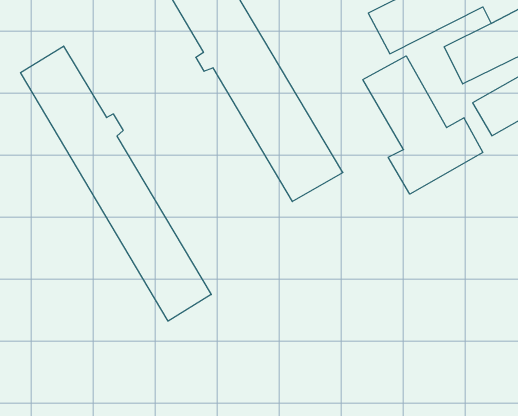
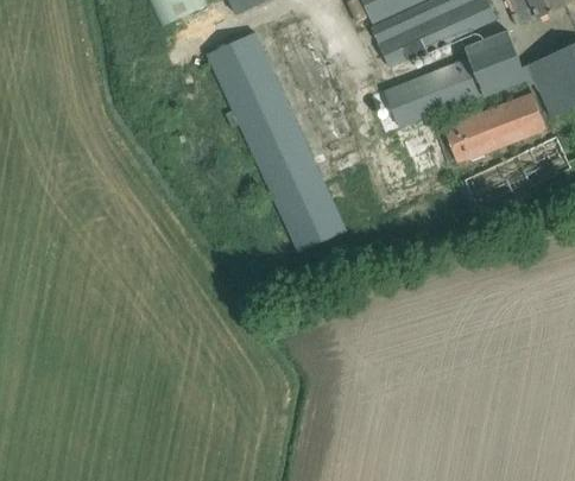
building: [21,46,211,321] -> none
building: [363,56,483,194] -> none

